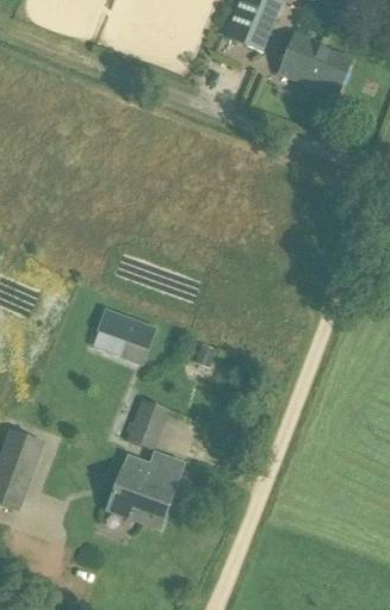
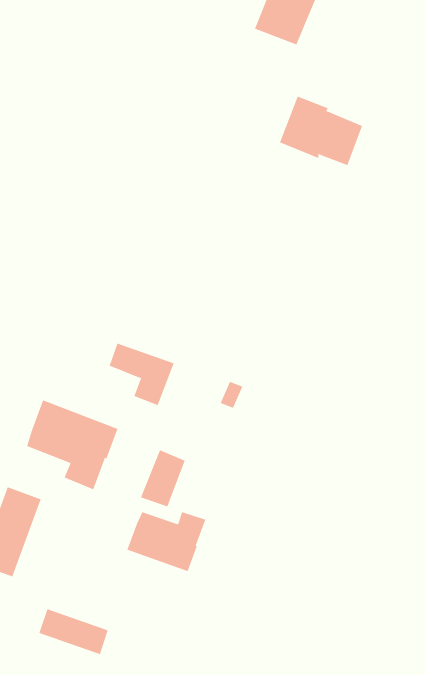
building: [279,31,352,92] -> [279,96,363,166]
building: none -> [27,400,118,490]
building: [107,487,168,528] -> [39,608,109,655]

